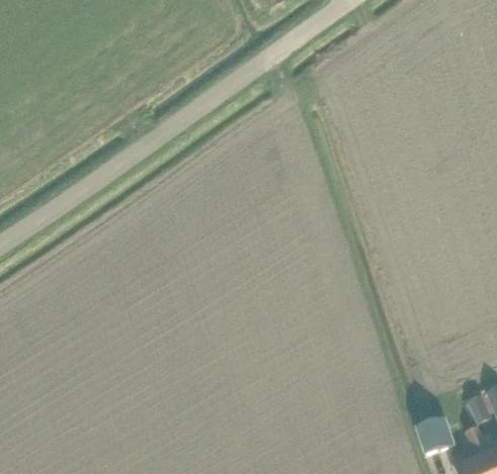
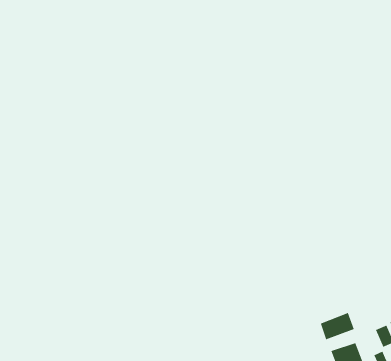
building: none -> [320,312,354,340]

